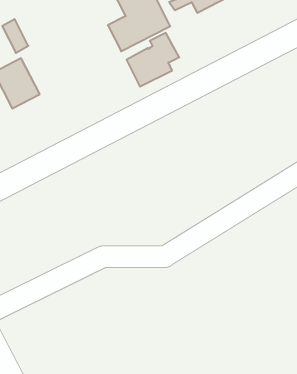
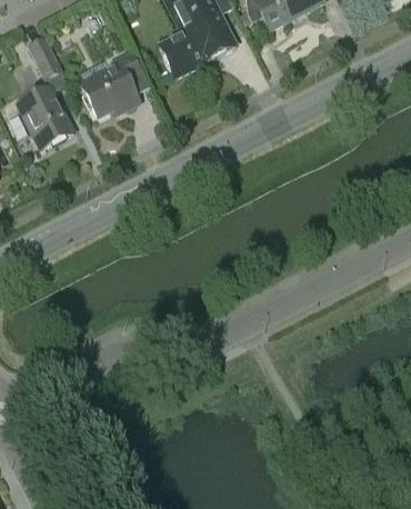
building: [127,33,179,87] -> [80,48,146,114]

